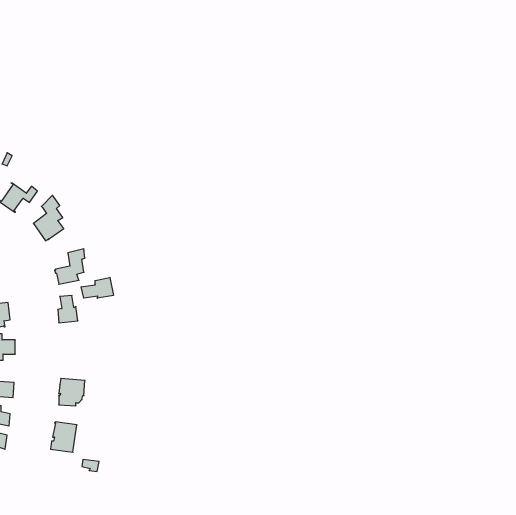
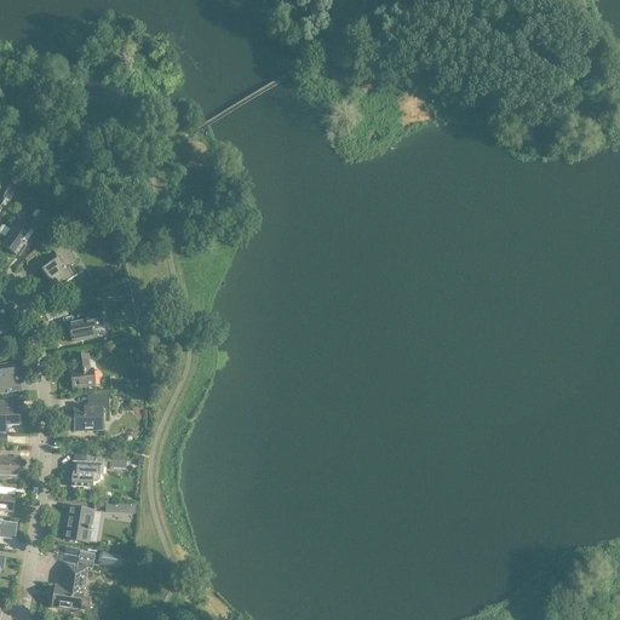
building: [81,277,113,298] -> none
building: none -> [71,394,107,430]
building: none -> [50,550,93,609]

